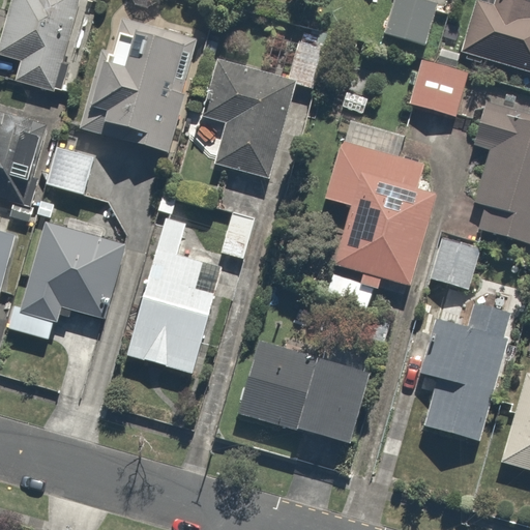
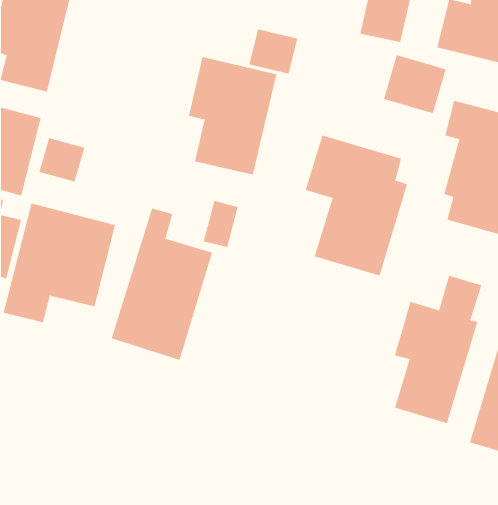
building: [80,21,196,148] -> none
building: [430,235,484,292] -> none
building: [236,338,365,442] -> none

